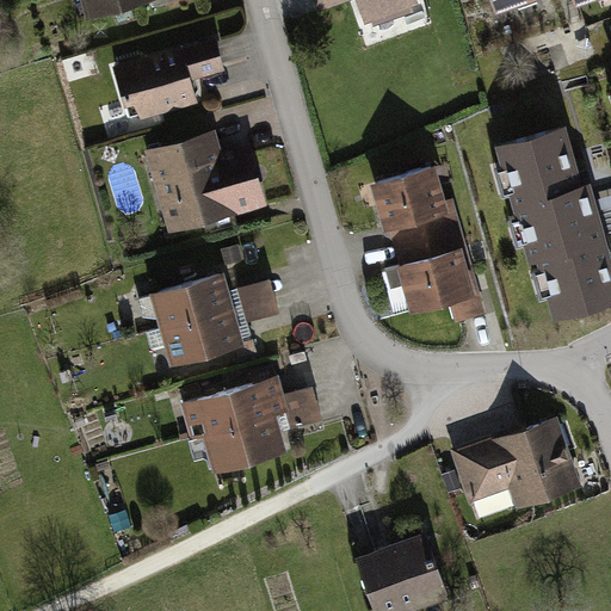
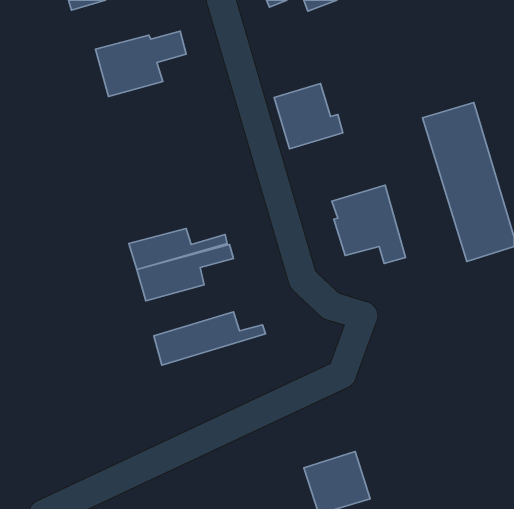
building: [146,135,259,232] -> none
building: [376,167,457,245] -> [274,83,343,149]
building: [192,402,321,474] -> none
building: [457,421,578,506] -> none

